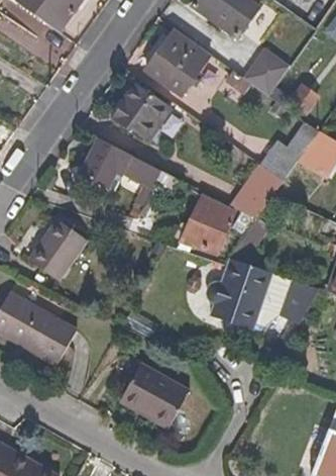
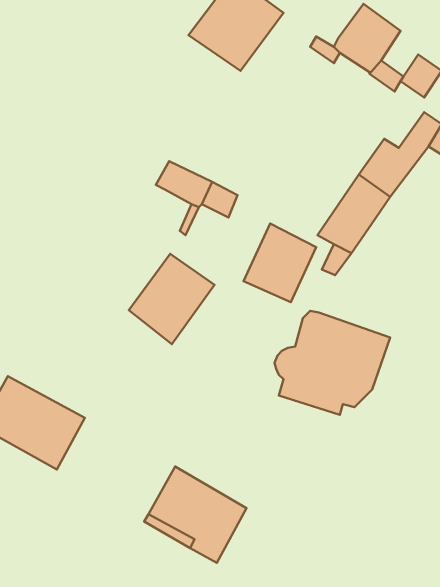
building: [112,82,173,138] -> none
building: [77,137,133,189] -> none
building: [27,219,86,281] -> [129,254,215,344]

